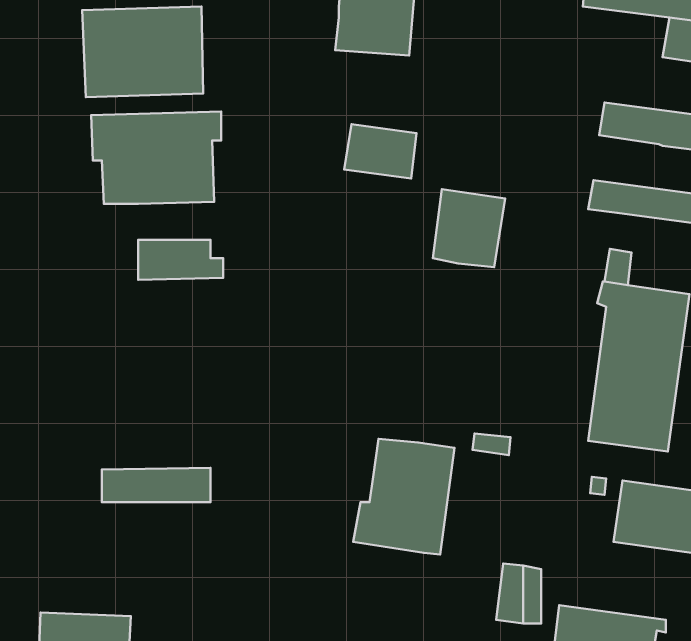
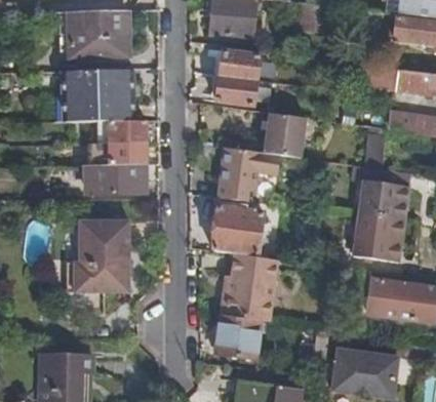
building: none -> [219,51,259,81]
building: none -> [97,119,146,142]
building: none -> [219,148,279,201]
building: none -> [78,163,146,193]
building: none -> [211,202,263,256]
building: none -> [77,219,140,272]
building: none -> [215,313,260,358]

